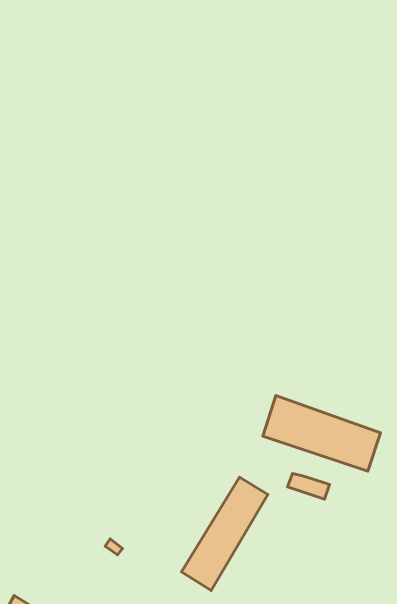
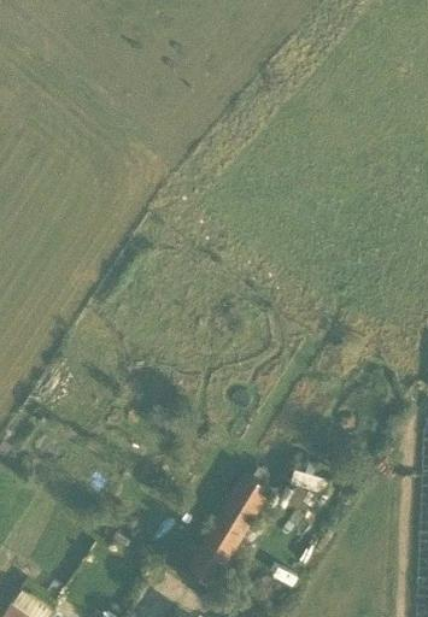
building: [263,396,381,471] -> none

